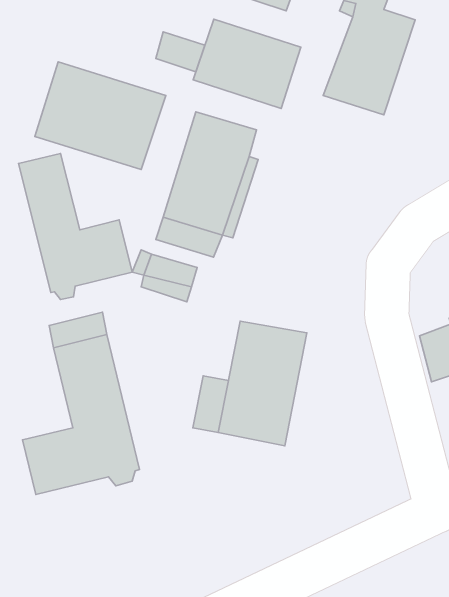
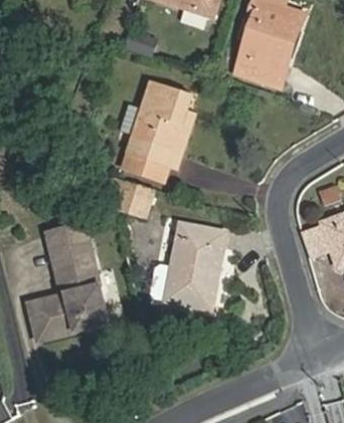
building: [193,19,301,108] -> none
building: [35,62,166,169] -> none
building: [19,153,132,300] -> none

